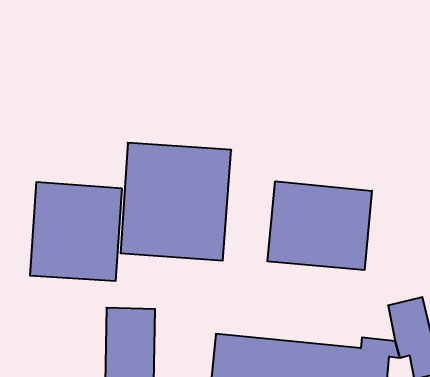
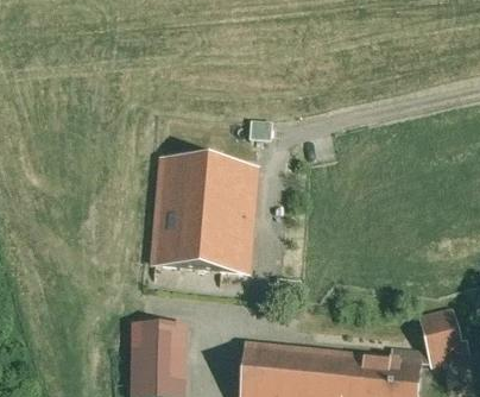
building: [268,181,372,270] -> none
building: [30,182,122,281] -> none

